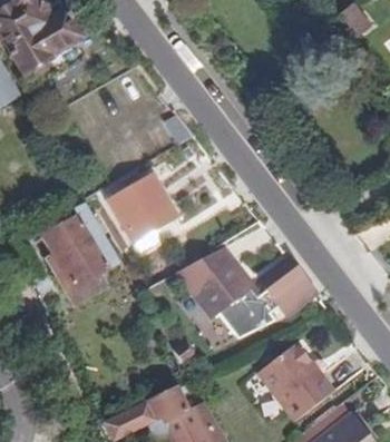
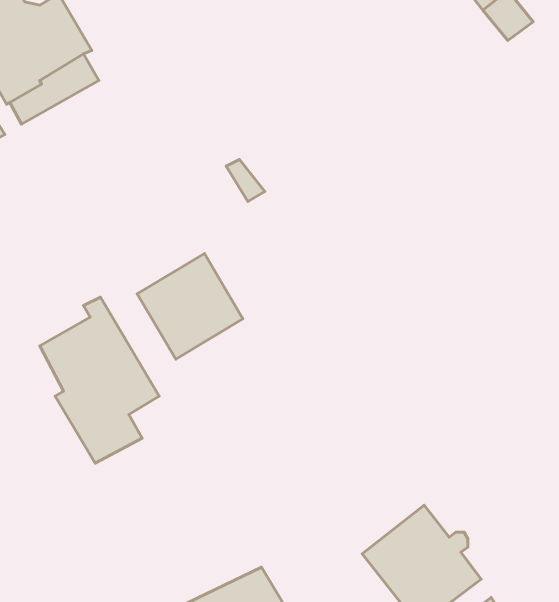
building: [177,251,313,336] -> none

